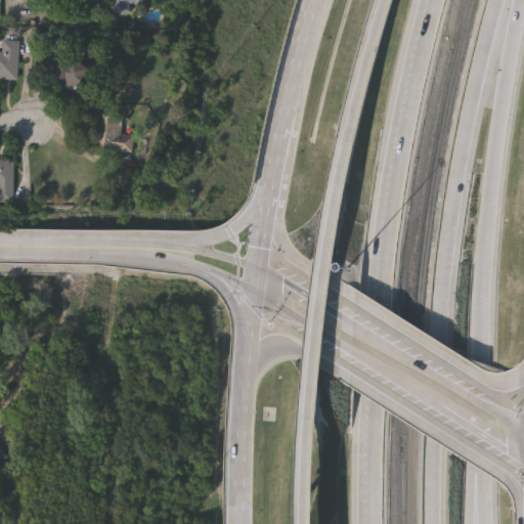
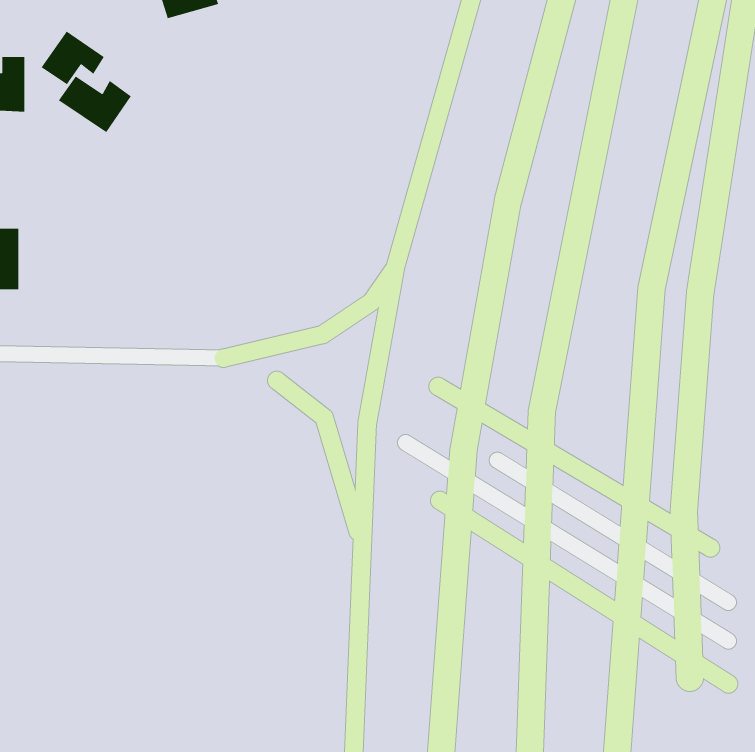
building: none -> [41,31,105,85]
building: [101,114,134,150] -> none

